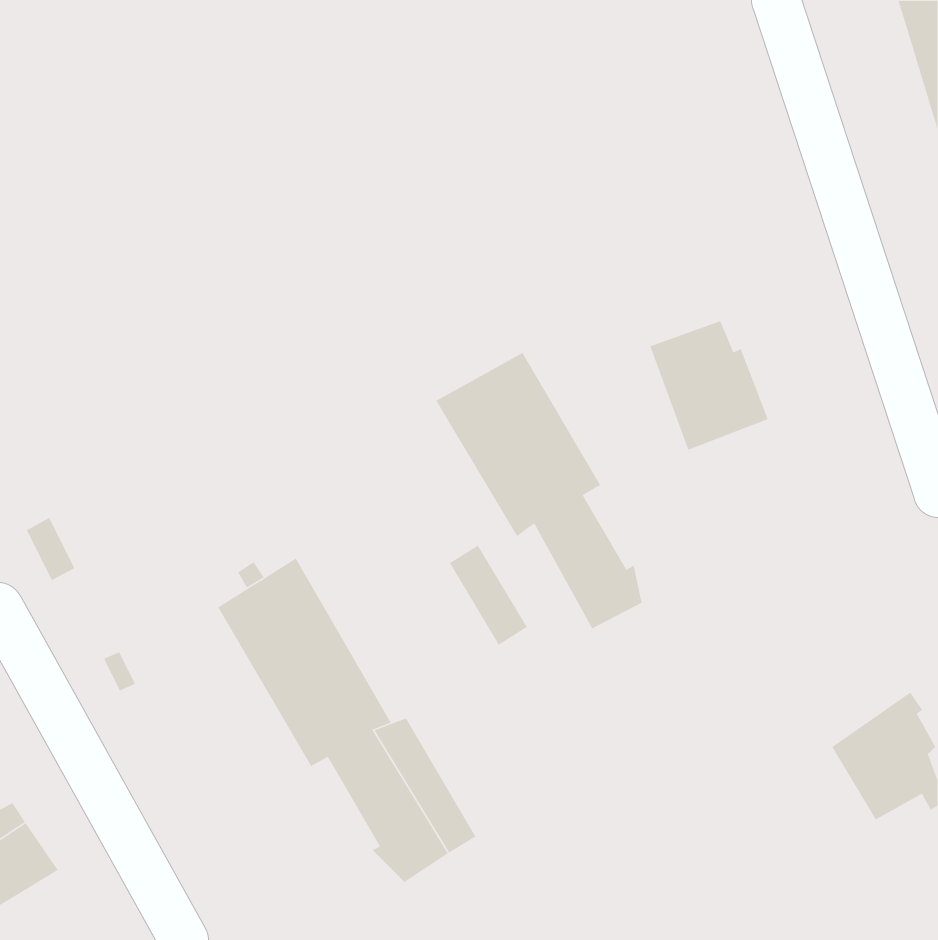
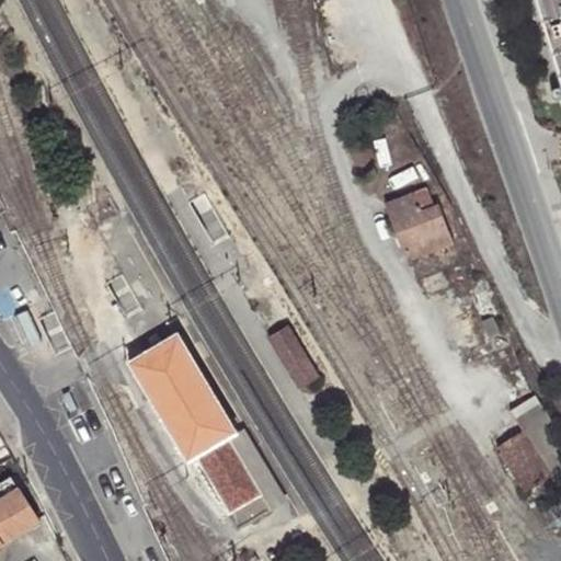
building: [435,352,642,630] -> none

